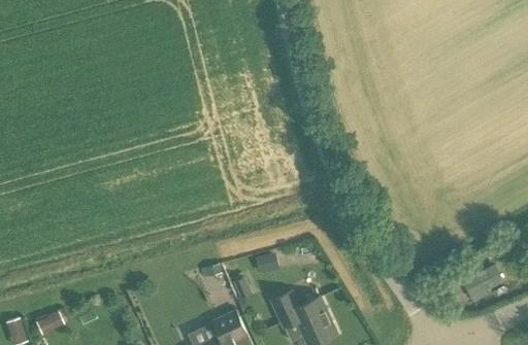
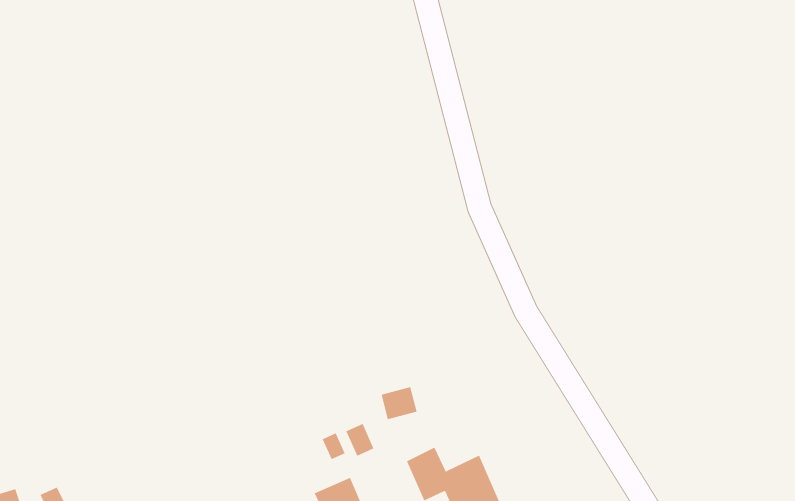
building: [464,264,506,302] -> none

